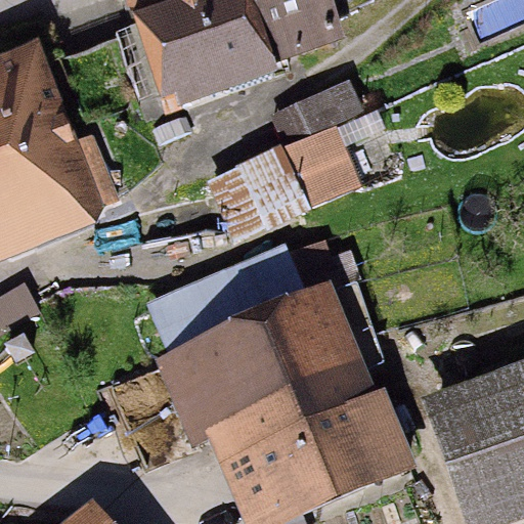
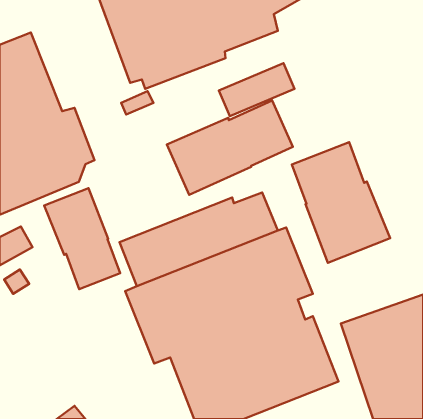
building: none -> [292,142,390,263]
building: none -> [44,188,120,289]

